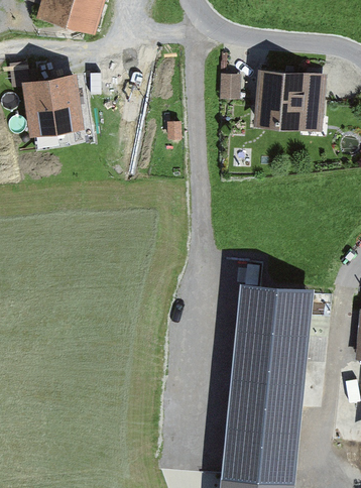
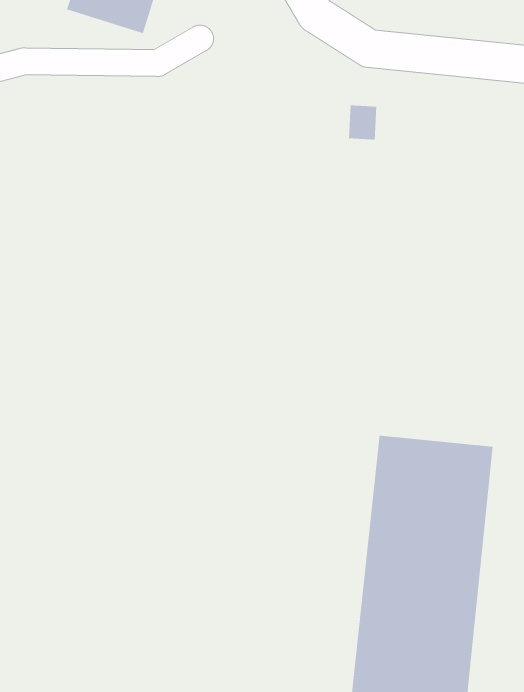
building: [259,74,324,127] -> none
building: [24,81,79,132] -> none

